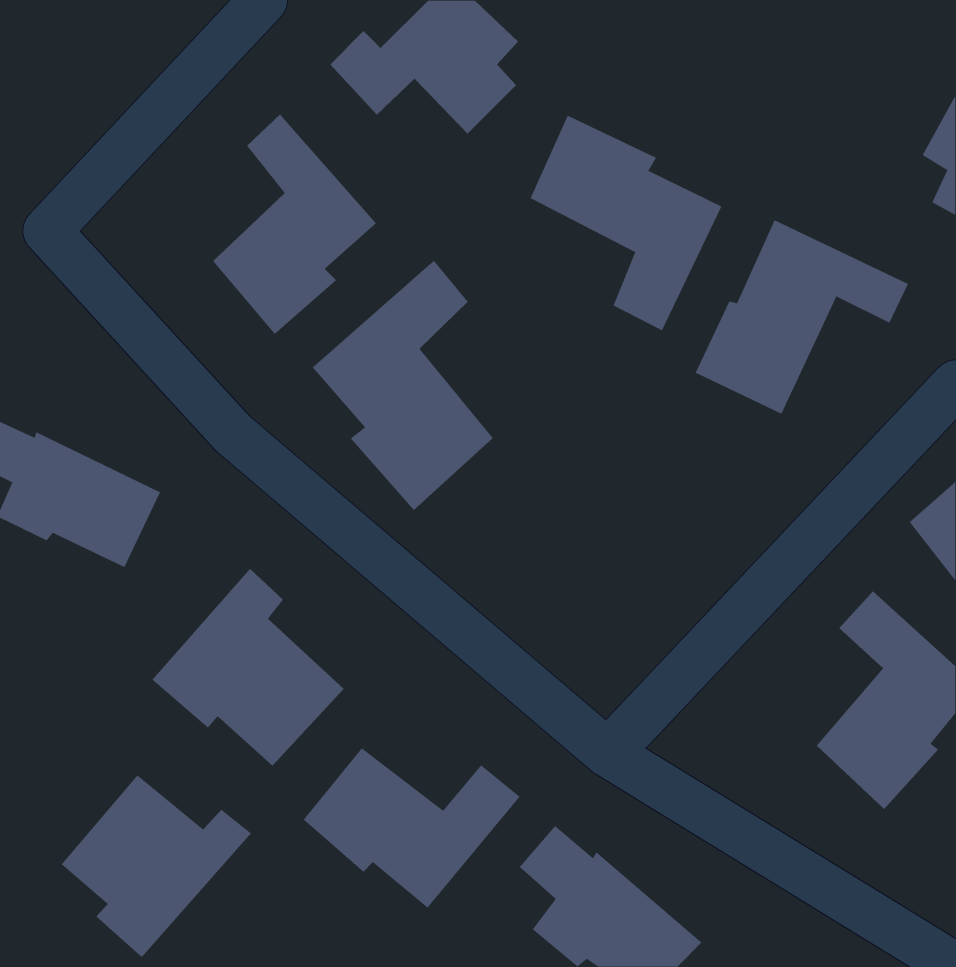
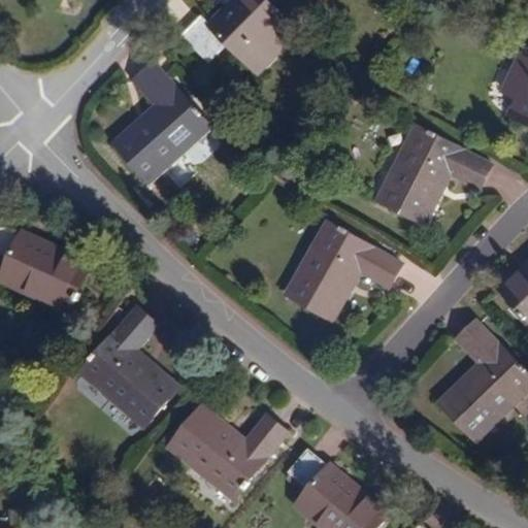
building: [530,115,722,331] -> none
building: [312,260,493,511] -> none
building: none -> [285,224,406,319]
building: [61,774,252,958] -> none

